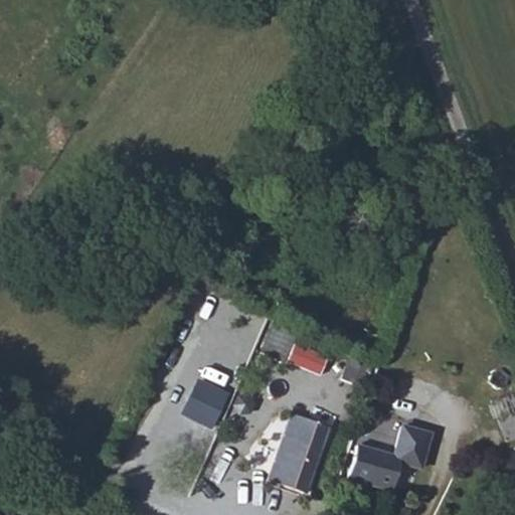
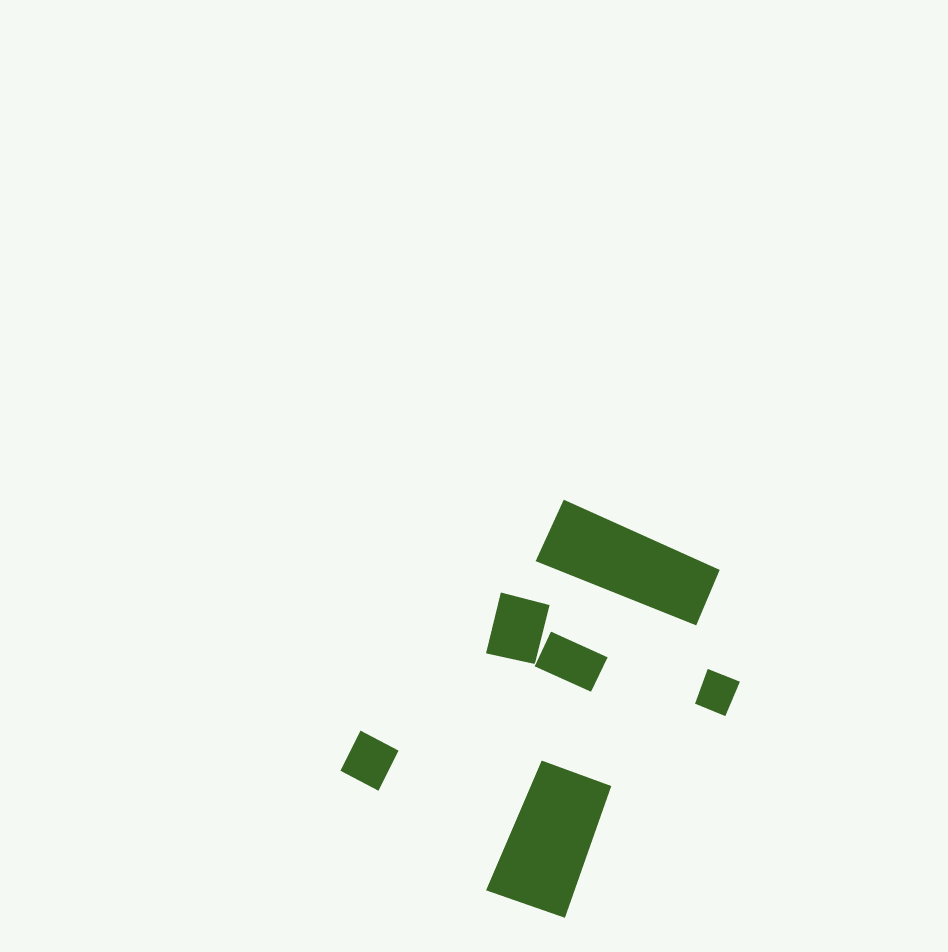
building: none -> [535,499,720,626]
building: [339,423,433,496] -> none

